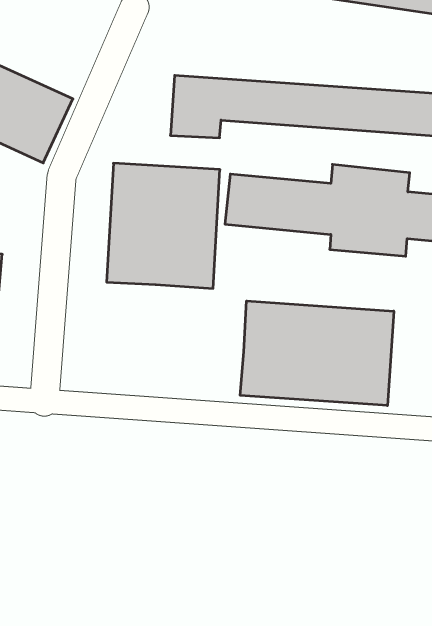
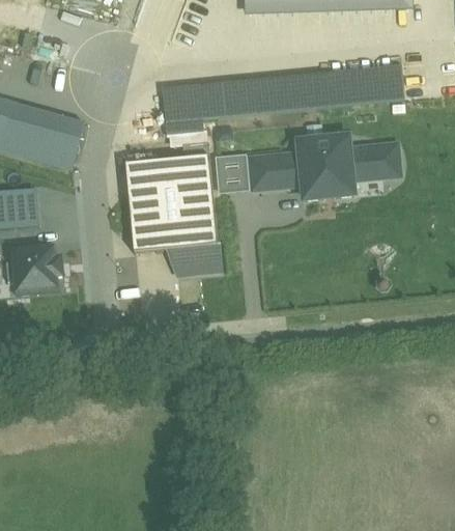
building: none -> [172,244,221,275]
building: [240,301,394,406] -> none

